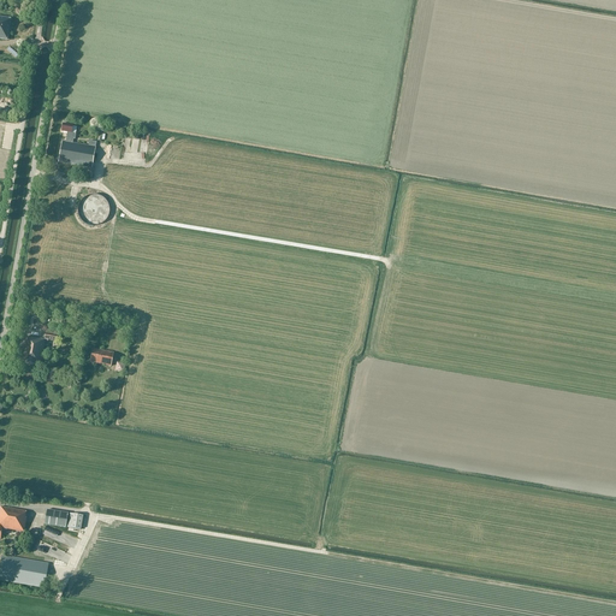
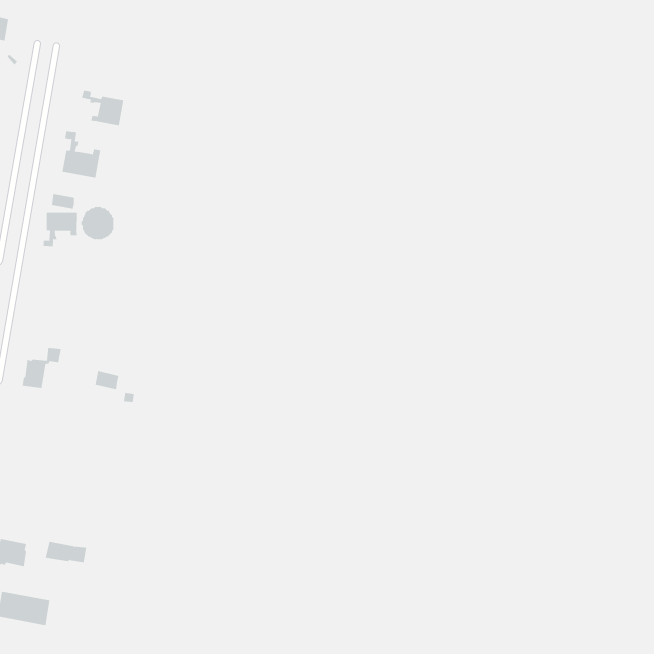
building: none -> [82,90,124,126]
building: none -> [43,212,77,247]

